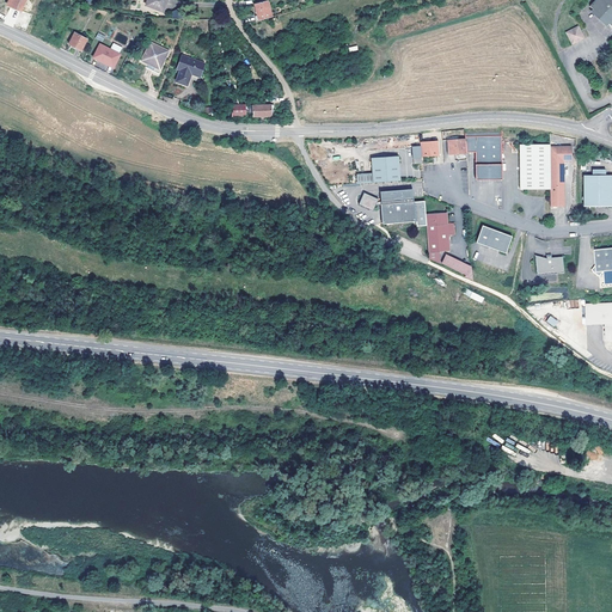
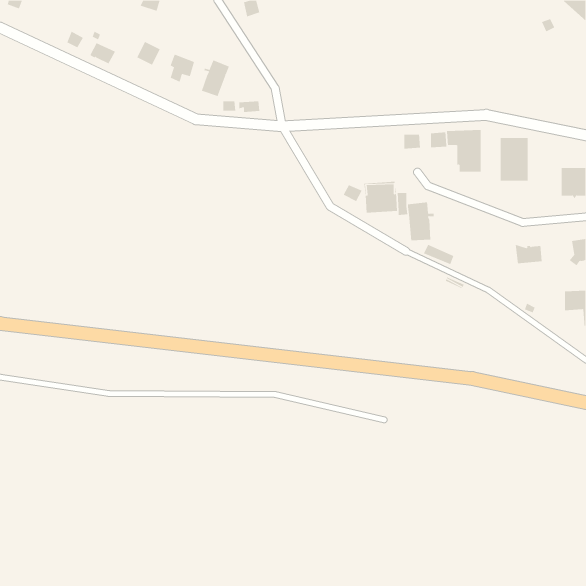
building: none -> [201,59,230,97]
building: [551,145,574,206] -> none
building: [372,155,400,182] -> none
building: [477,225,513,252] -> none

